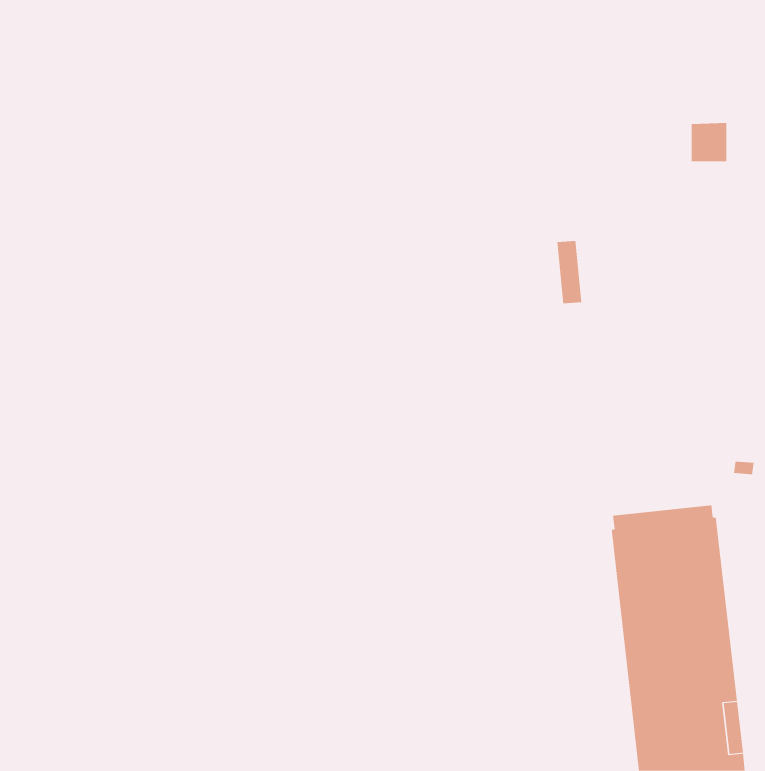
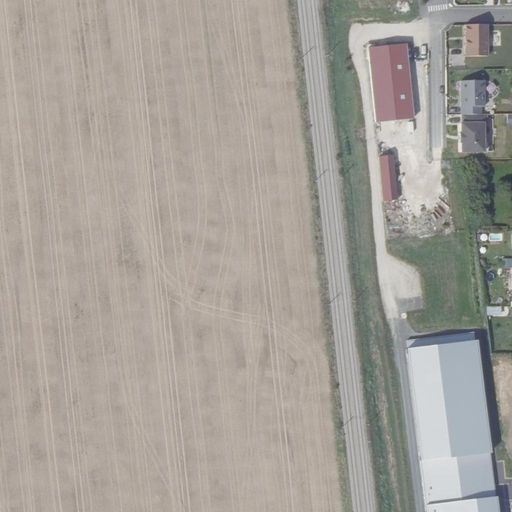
building: none -> [465,24,488,55]
building: none -> [360,46,410,127]
building: none -> [459,115,491,152]

